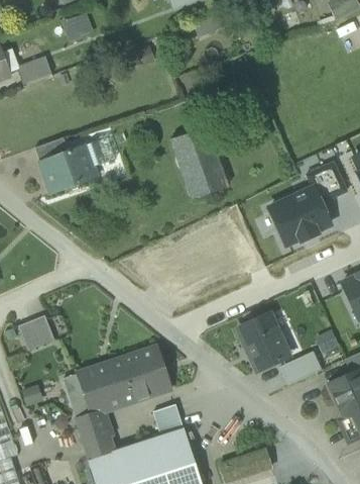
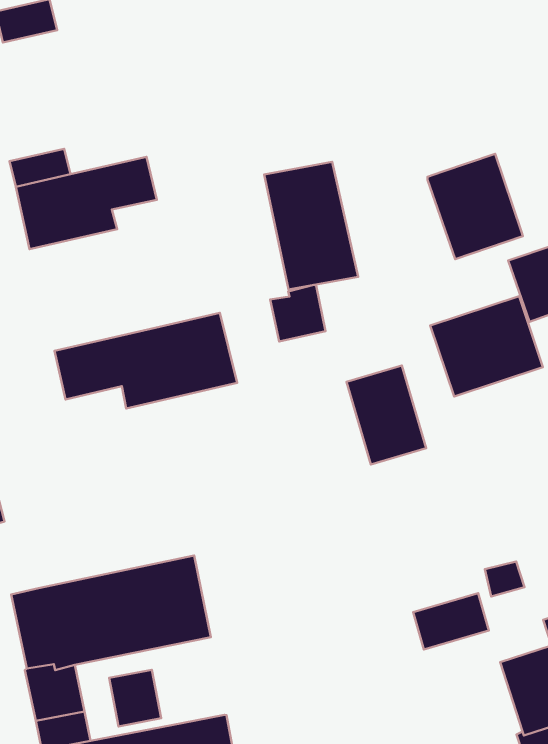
building: none -> [428,154,523,259]
building: none -> [270,285,325,342]
building: none -> [55,313,237,409]
building: [240,315,286,370] -> [347,366,426,464]
building: [153,404,184,437] -> [109,670,161,727]

